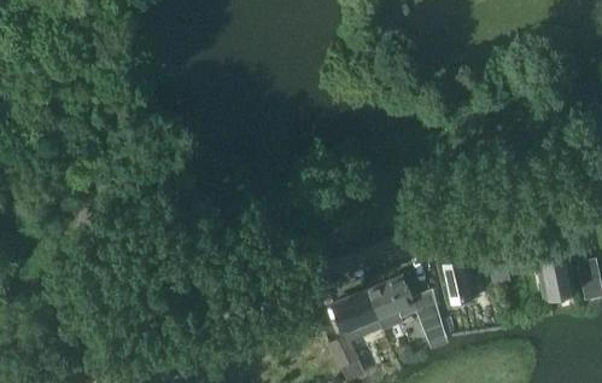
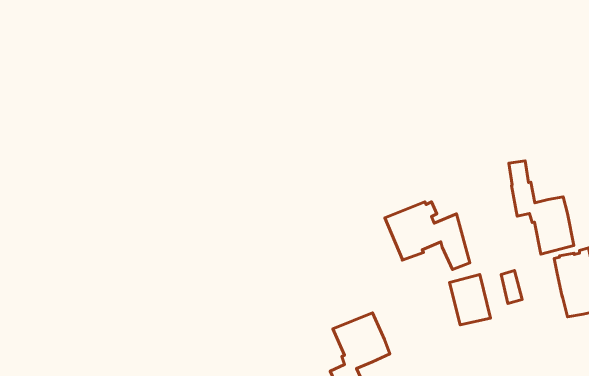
building: none -> [509,161,574,254]
building: [367,278,444,340] -> [385,202,470,270]

